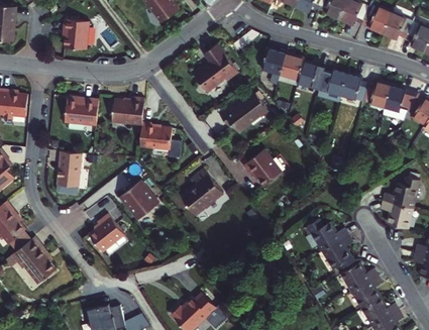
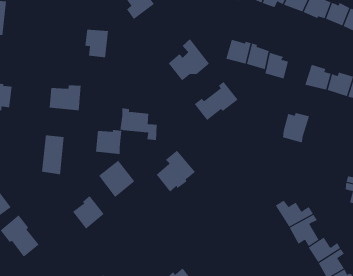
building: [61,19,87,50] -> [85,29,109,58]
building: [317,70,347,103] -> [282,112,310,143]
building: [114,102,143,129] -> [95,130,122,155]
building: [243,148,283,186] -> none

